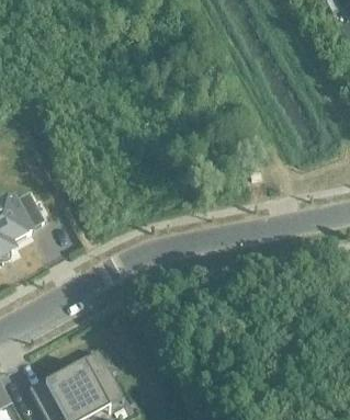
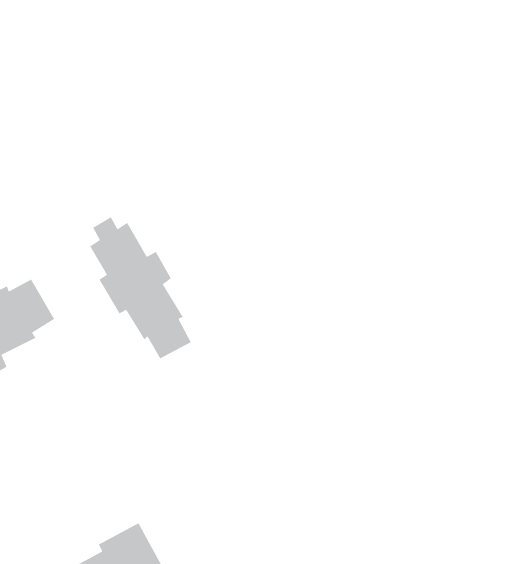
building: none -> [89,216,192,360]

